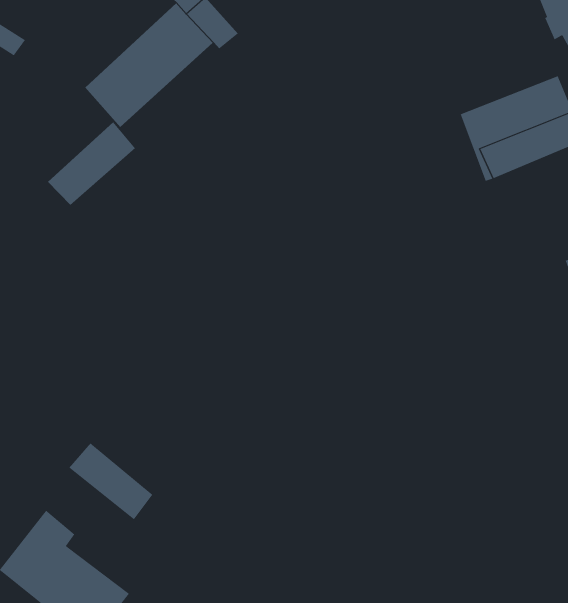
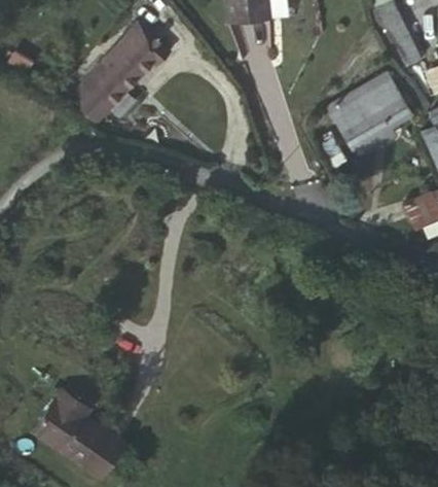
building: [47,122,136,206] -> none
building: [68,443,153,520] -> none

